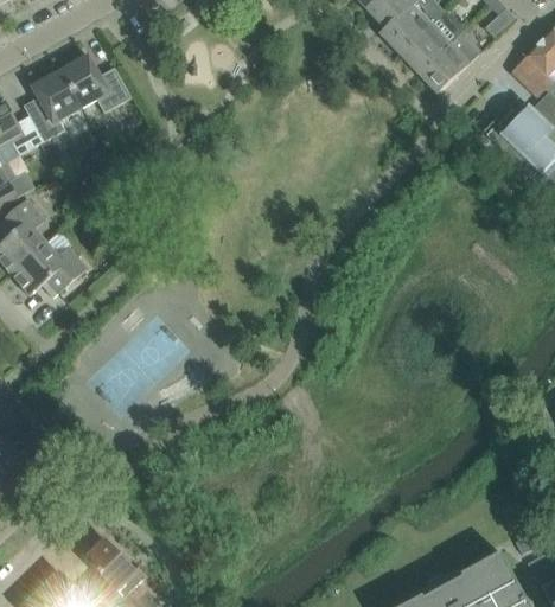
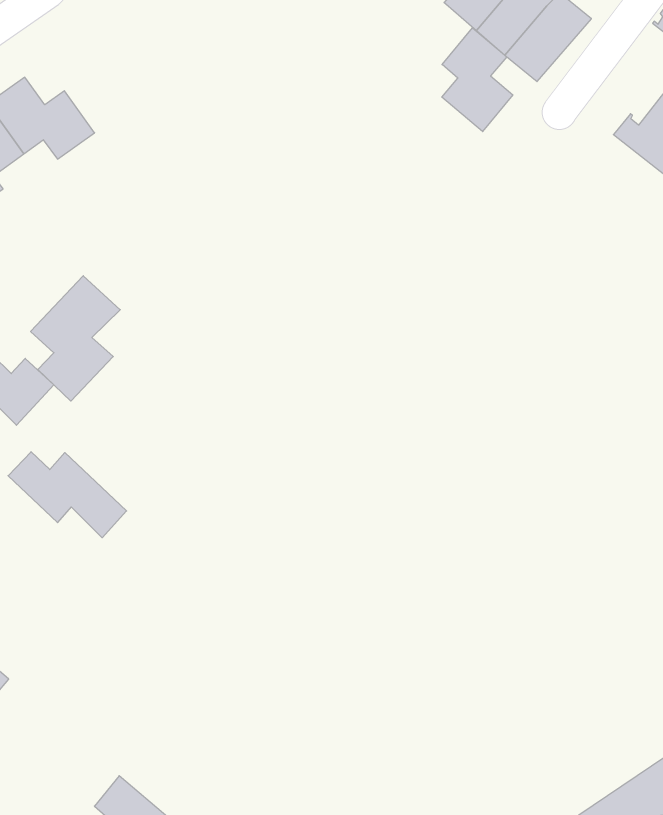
building: none -> [442,28,513,132]
building: none -> [31,276,120,401]
building: none -> [8,452,127,538]

